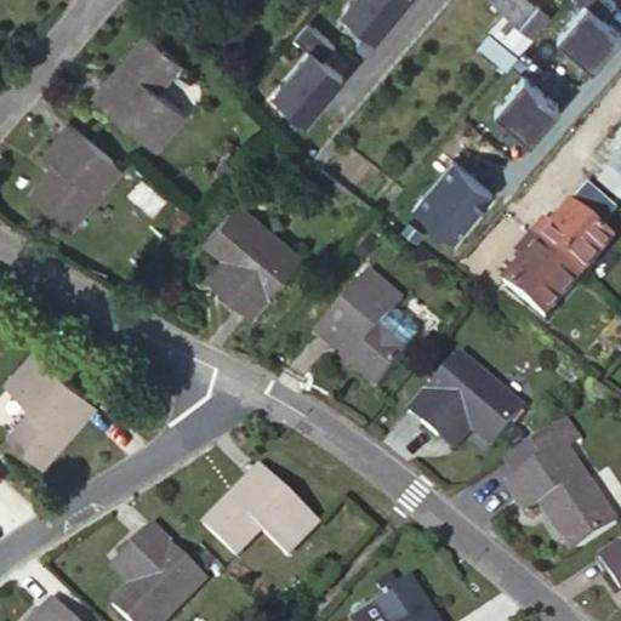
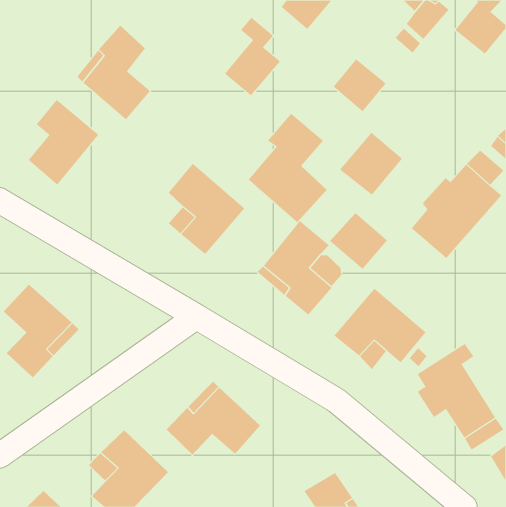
building: [495,75,560,141] -> [333,59,387,112]
building: none -> [248,113,327,223]
building: none -> [329,212,388,270]

